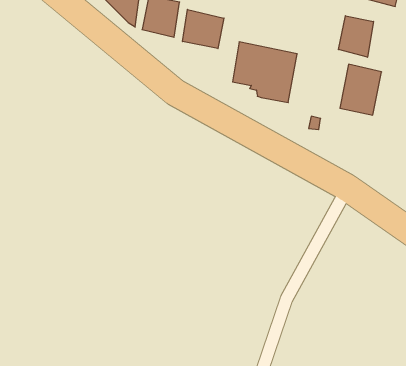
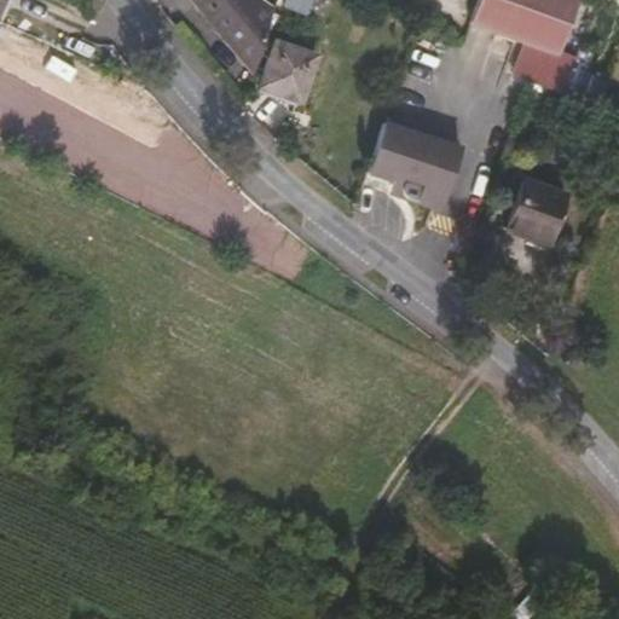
building: [183,9,224,49] -> none
building: [338,16,373,57] -> none

